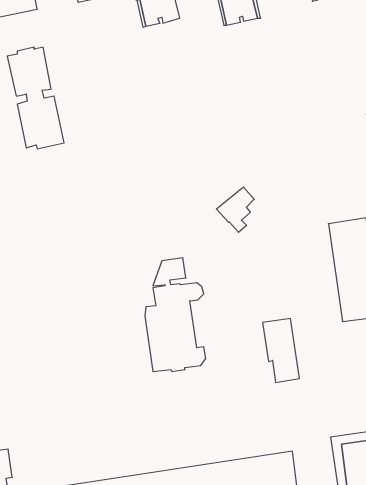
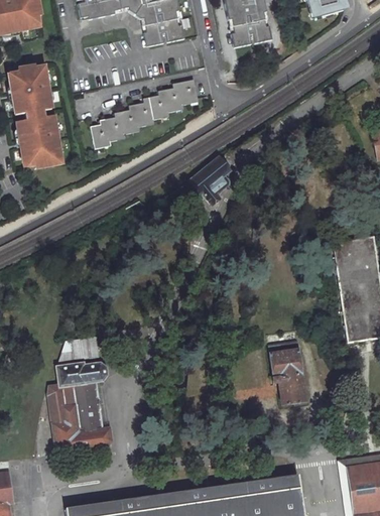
building: none -> [92,79,198,149]
building: [216,187,254,232] -> [188,158,227,204]
building: [145,258,206,372] -> [49,338,111,453]

